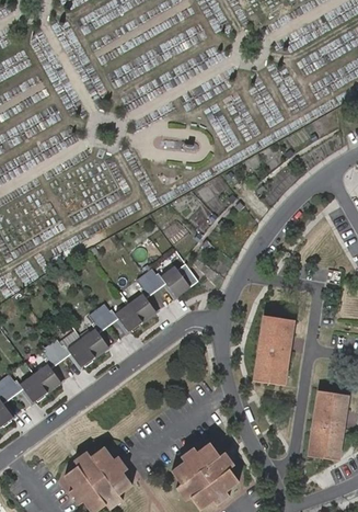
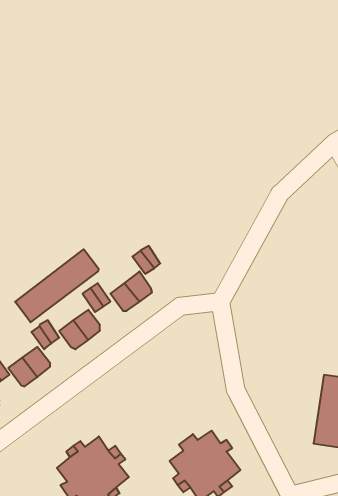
building: [161,262,198,296] -> none
building: none -> [15,249,99,322]
building: [253,316,293,385] -> none

